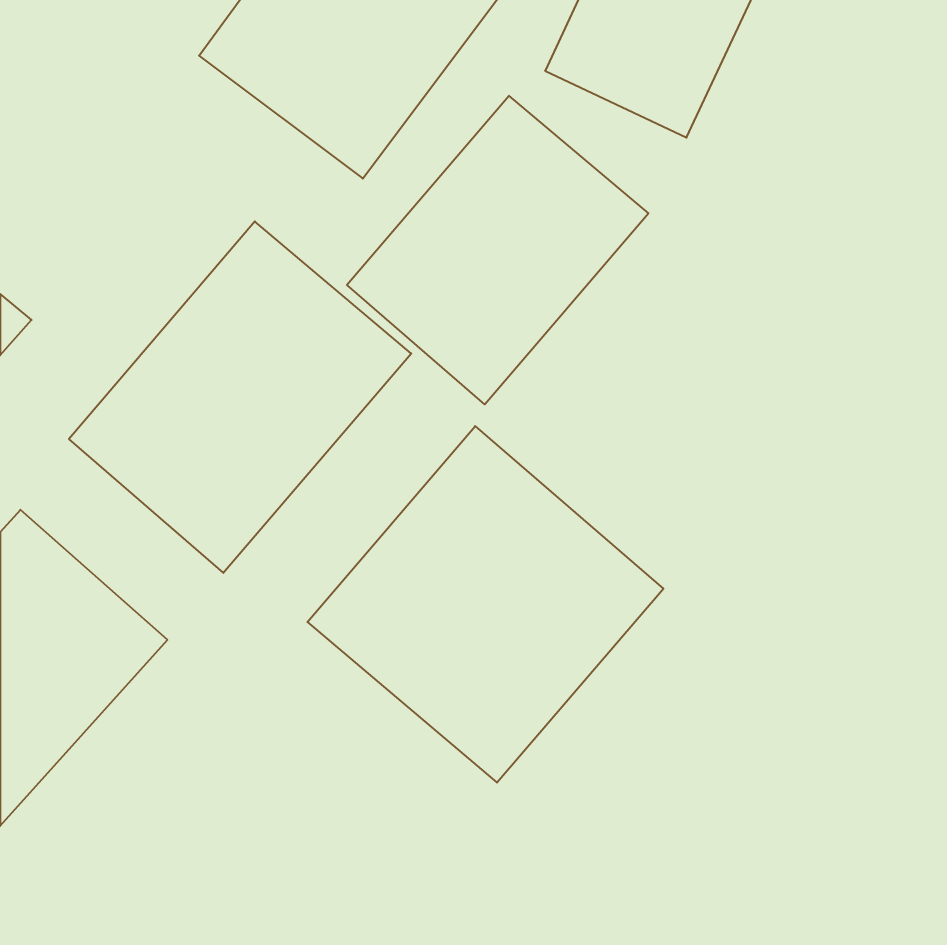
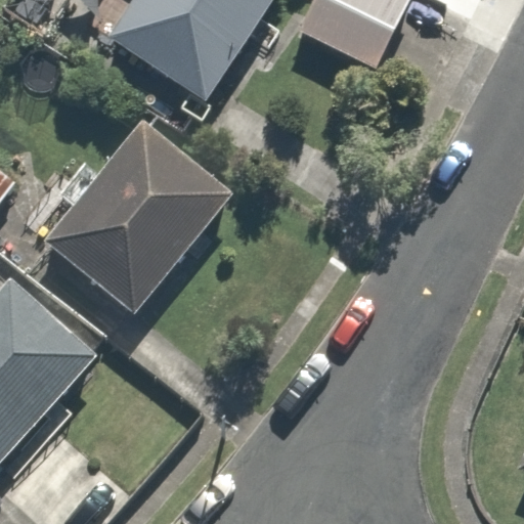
building: [347,96,648,404] -> none
building: [307,426,663,783] -> none

